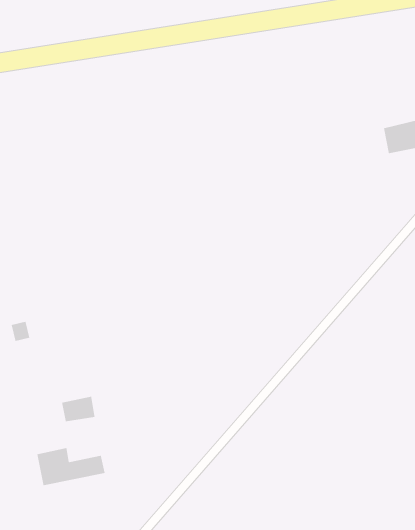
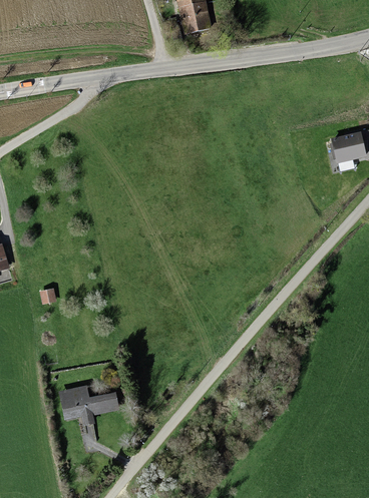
building: [61,396,95,422] -> none

